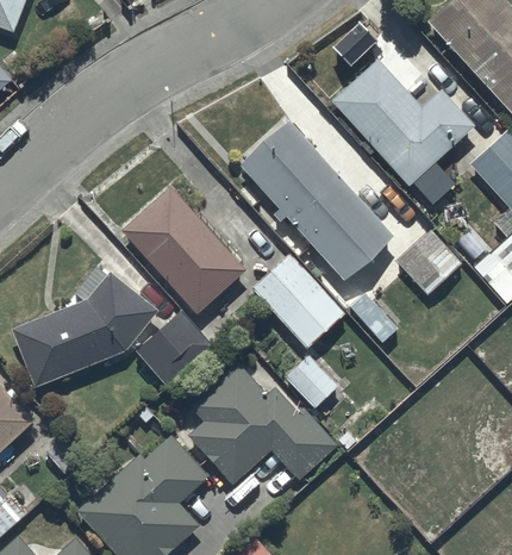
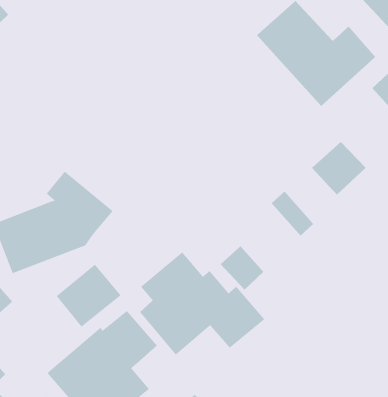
building: [239,121,394,282] -> none
building: [121,186,246,317] -> none
building: [249,251,346,351] -> none
building: [133,311,213,388] -> [56,264,122,328]

